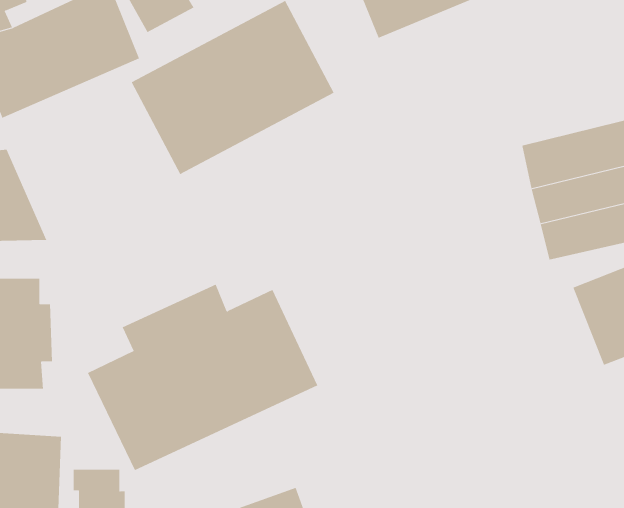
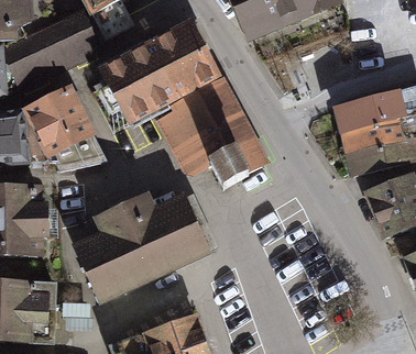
building: none -> [155,76,271,187]
building: none -> [22,84,107,172]

